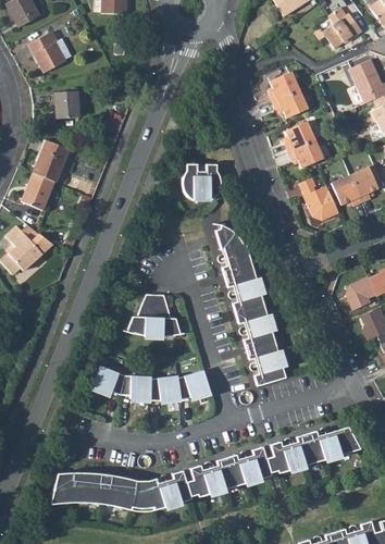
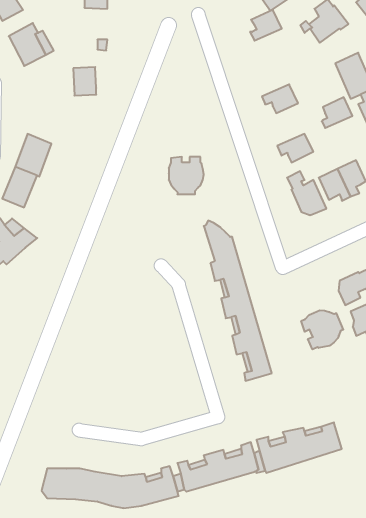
building: [271,73,302,103] -> [250,10,282,41]
building: [52,91,75,120] -> [73,67,96,96]
building: [287,122,318,152] -> [322,97,352,128]
building: [129,295,181,341] -> none
building: none -> [301,310,343,349]
building: [95,368,211,404] -> none

